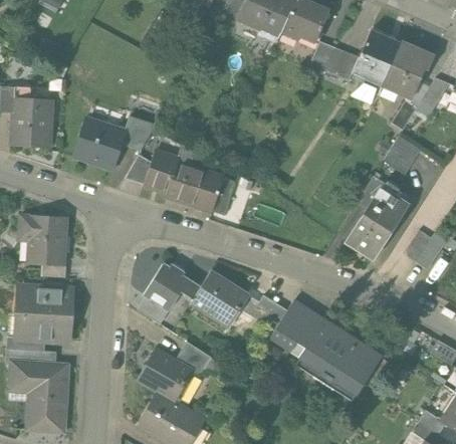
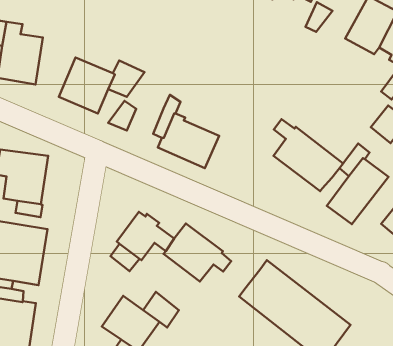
building: [321,48,358,82] -> none
building: [144,152,178,192] -> none
building: none -> [274,119,343,191]
building: [251,295,287,330] -> none

